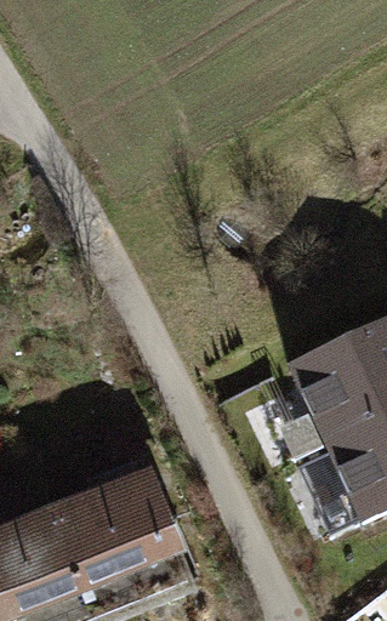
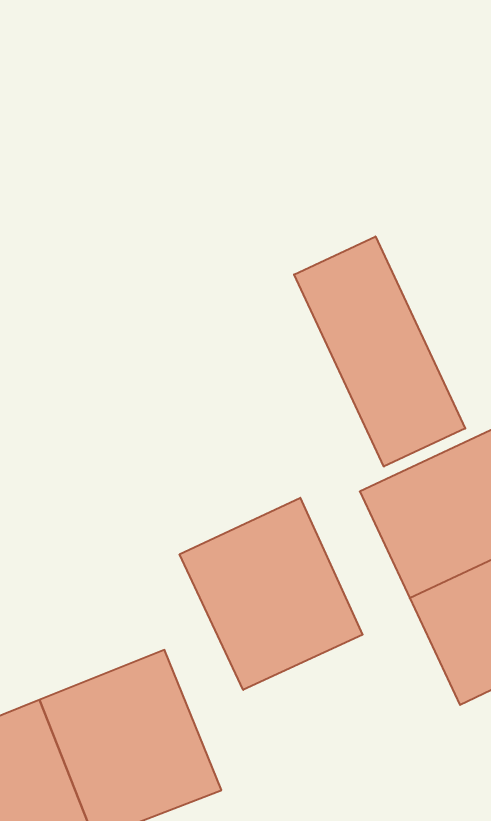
building: none -> [294,236,465,467]
building: none -> [180,498,363,690]

